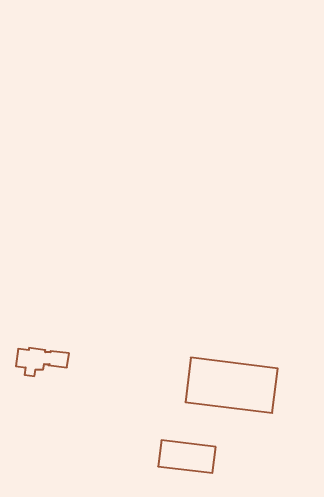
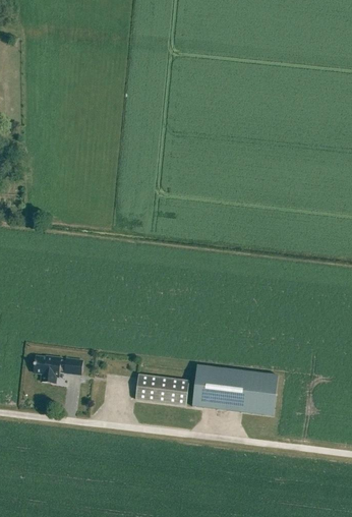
building: [158,440,216,473] -> [134,375,188,405]

